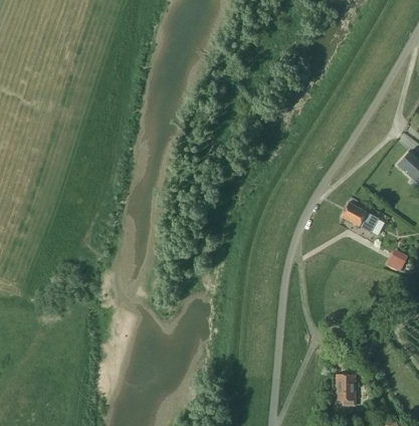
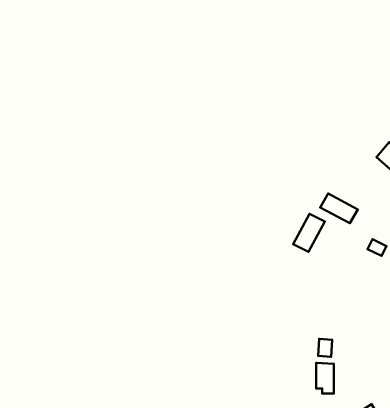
building: none -> [293,214,325,252]

